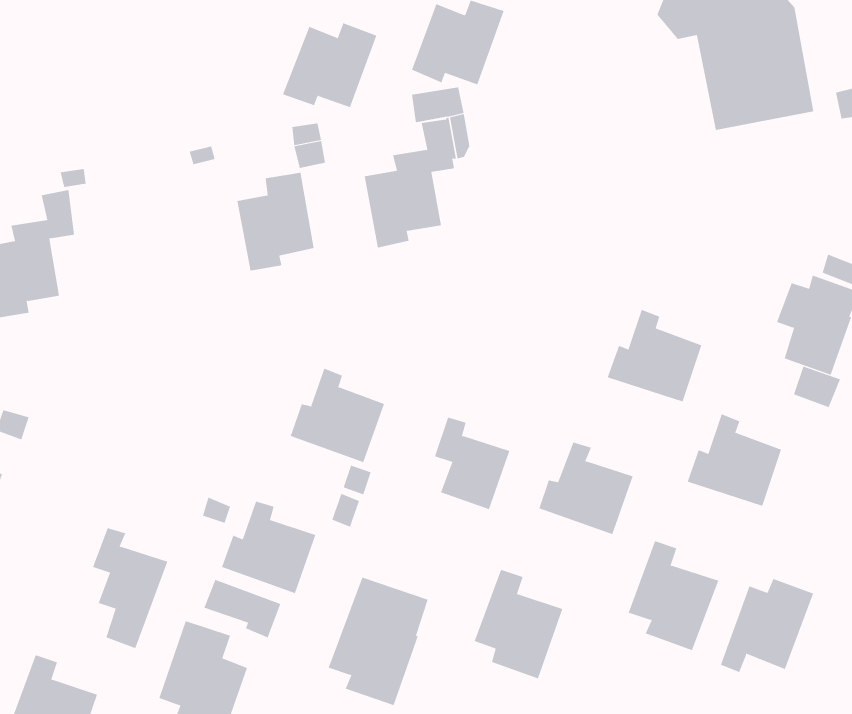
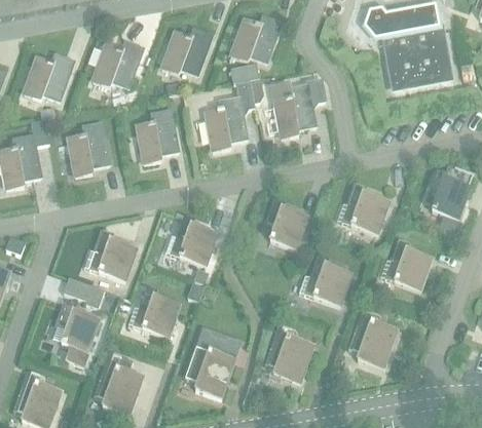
building: none -> [92,40,144,87]
building: none -> [24,53,75,100]
building: none -> [271,79,326,137]
building: none -> [68,121,110,174]
building: none -> [85,230,137,280]
building: [434,417,510,510] -> [267,198,308,248]
building: [720,578,814,673] -> none
building: [203,579,281,638] -> [64,276,106,308]

